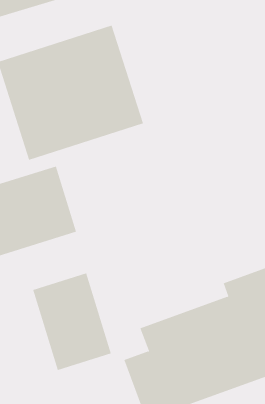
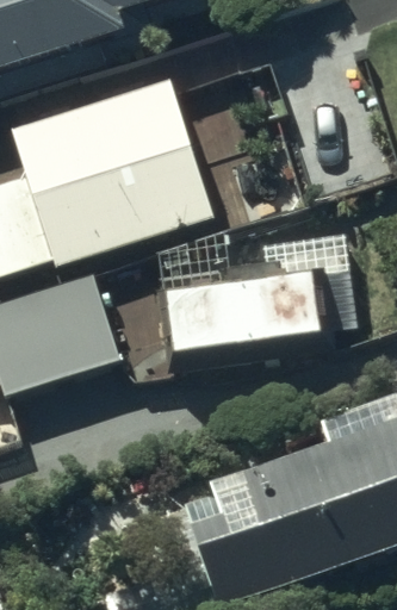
building: none -> [162,254,353,355]
building: [33,273,111,371] -> none

